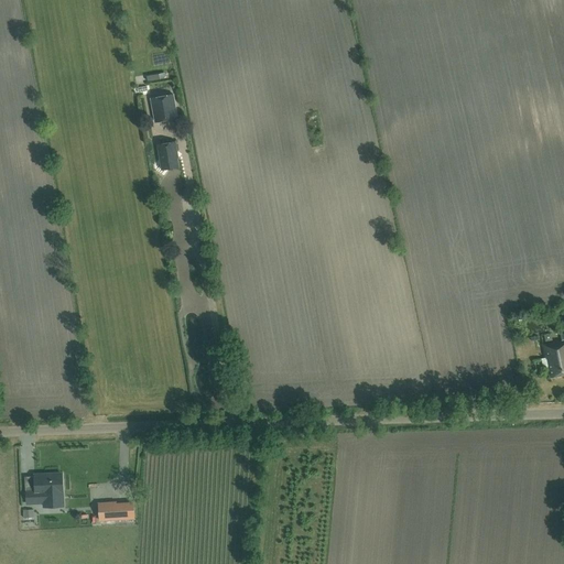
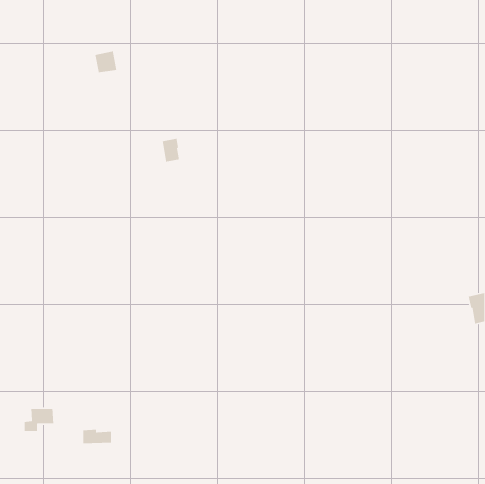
building: [151,95,177,121] -> [94,51,117,73]
building: [158,142,178,171] -> [162,138,180,163]

